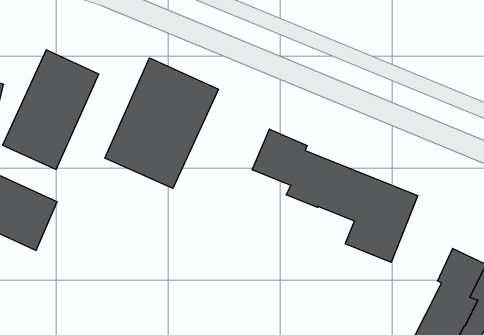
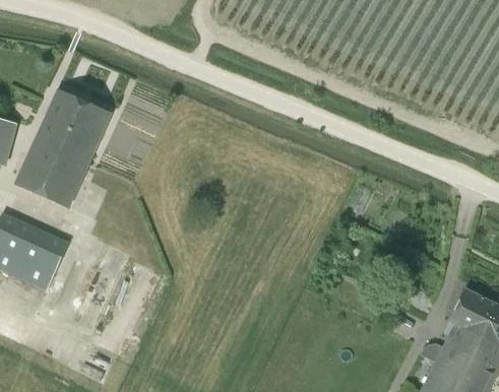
building: [105,58,219,188] -> none
building: [252,129,418,262] -> none

